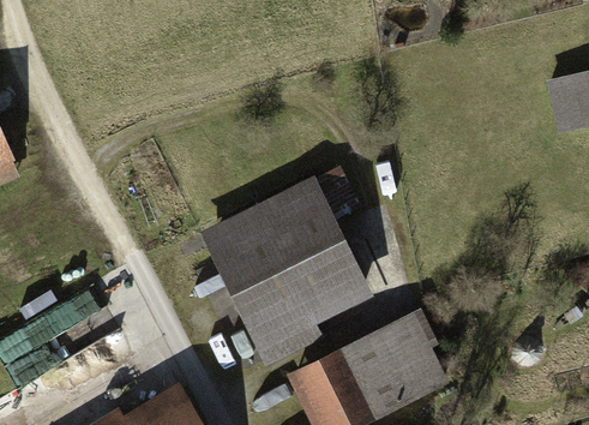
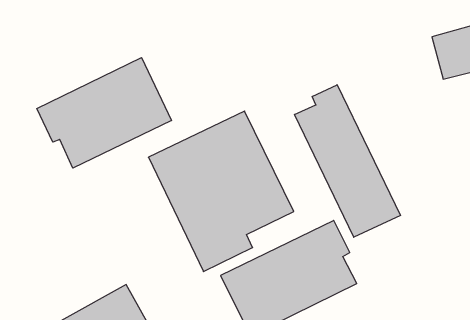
building: none -> [37,58,171,168]
building: none -> [295,85,400,237]

